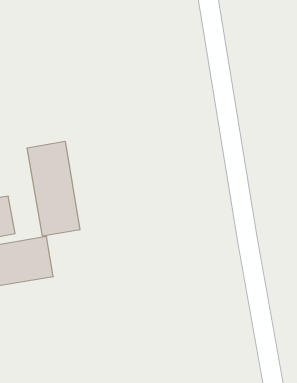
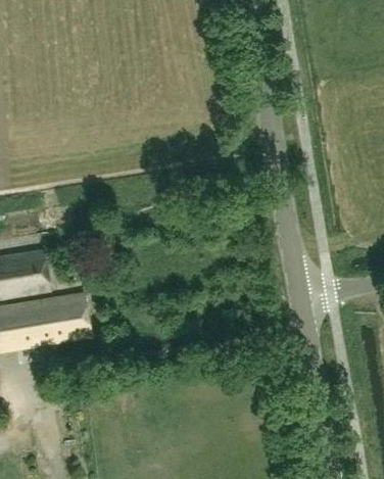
building: [27,141,80,236] -> none

